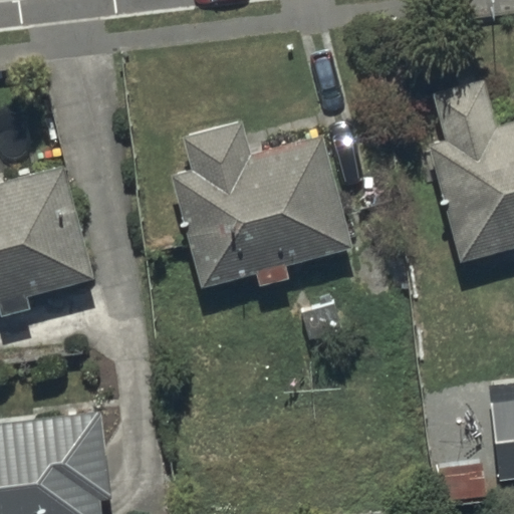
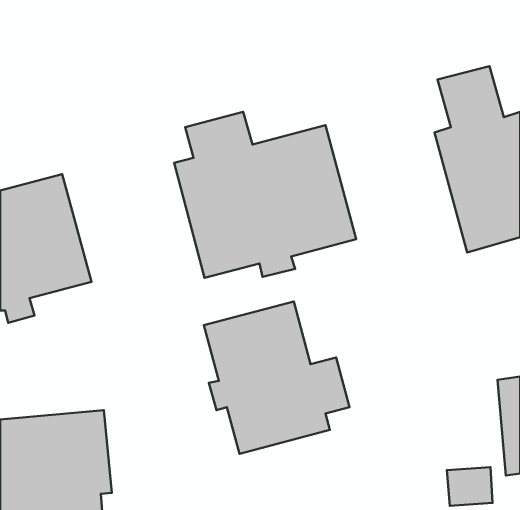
building: none -> [204,302,349,454]

